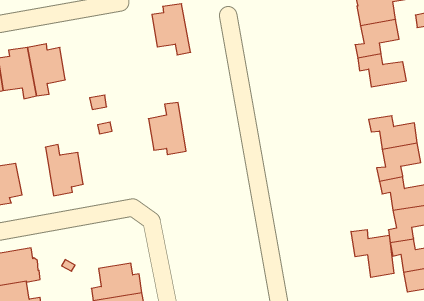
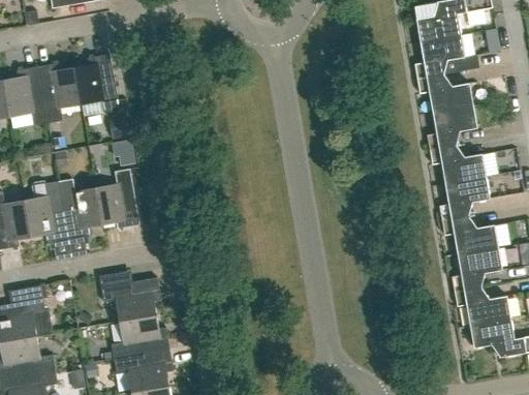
building: [152,4,191,55] -> [74,54,119,113]
building: none -> [426,104,476,149]
building: [148,103,186,155] -> [95,169,138,229]
building: none -> [24,181,67,241]
building: [351,230,394,277] -> none
building: none -> [100,277,160,321]

